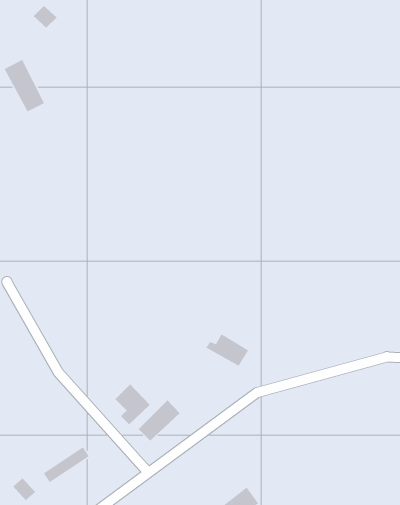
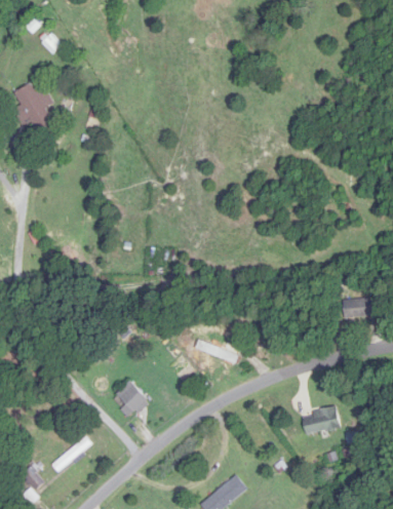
building: none -> [343,300,371,317]
building: [138,400,180,441] -> none
building: none -> [302,408,340,435]

